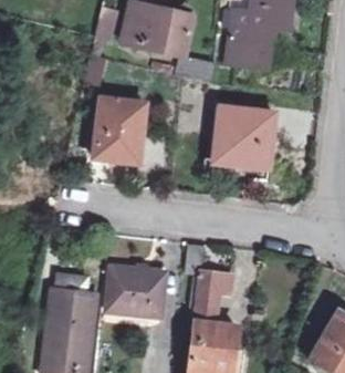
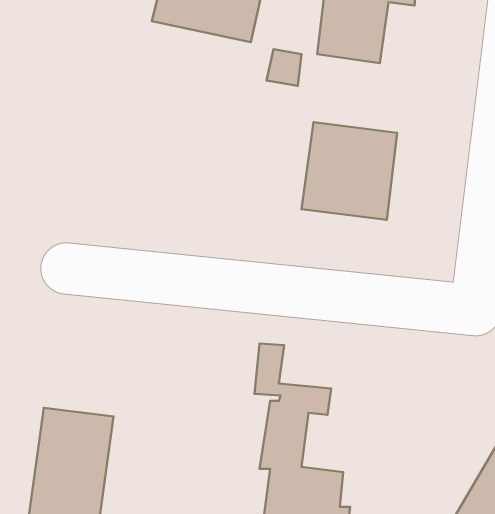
building: [94,102,146,164] -> none
building: [106,268,165,318] -> none

